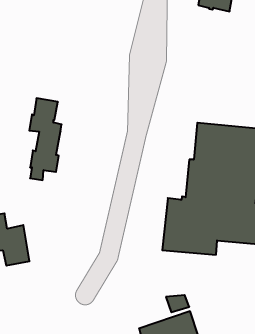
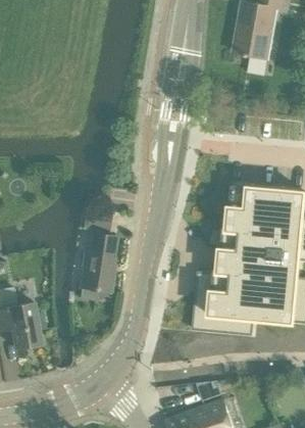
building: [29,98,62,180] -> [79,207,115,300]

